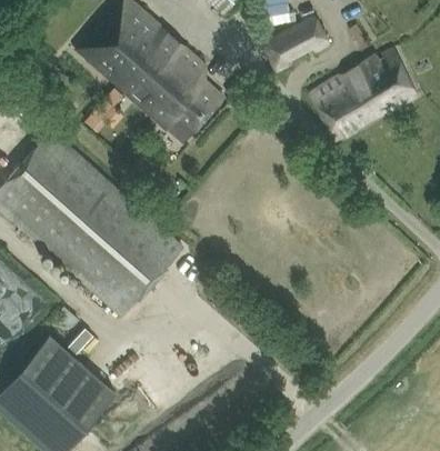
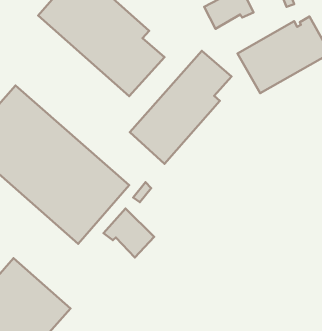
building: none -> [130,51,232,164]
building: none -> [104,208,154,258]

